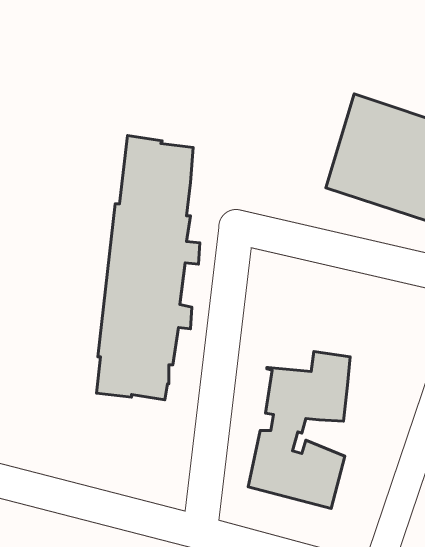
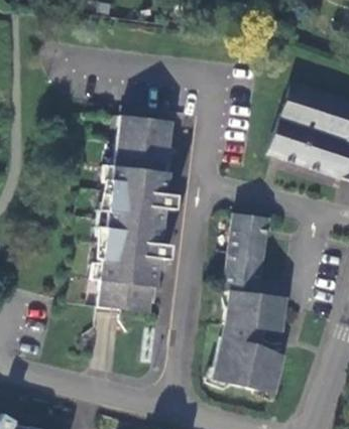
building: none -> [226,211,269,292]

